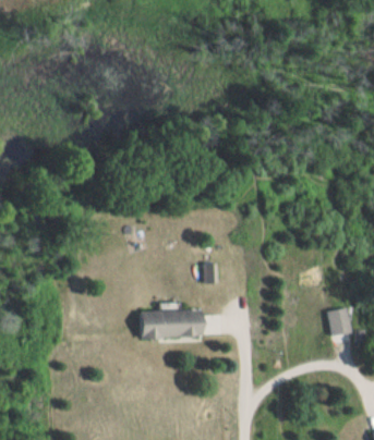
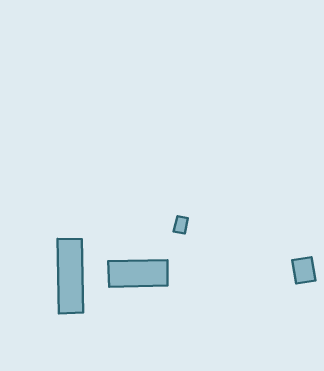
building: none -> [58,239,83,313]

